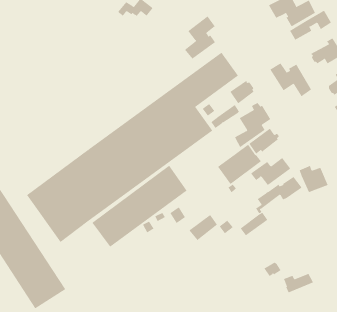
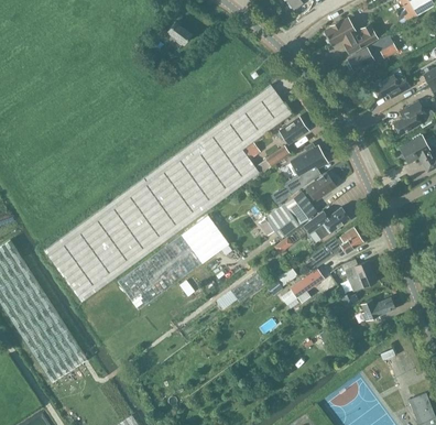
building: [184,15,216,60] -> none
building: [269,62,312,97] -> none
building: [299,165,328,193] -> [342,259,377,291]
building: [283,273,314,293] -> [360,297,395,320]

